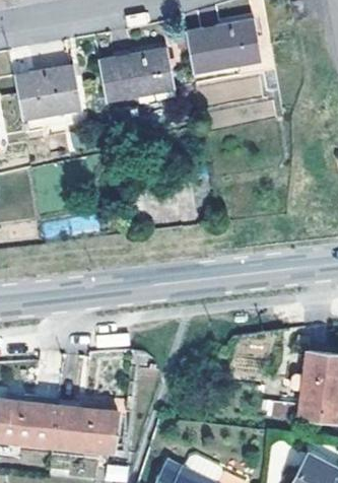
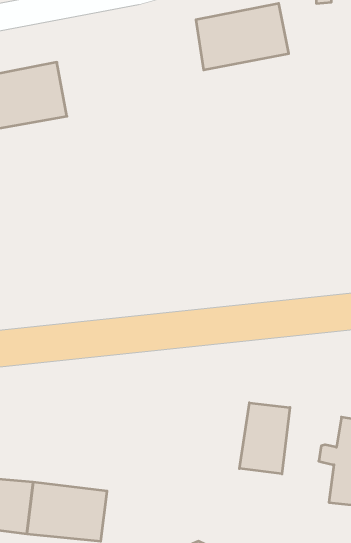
building: [102,47,177,98] -> none
building: none -> [239,403,290,474]

